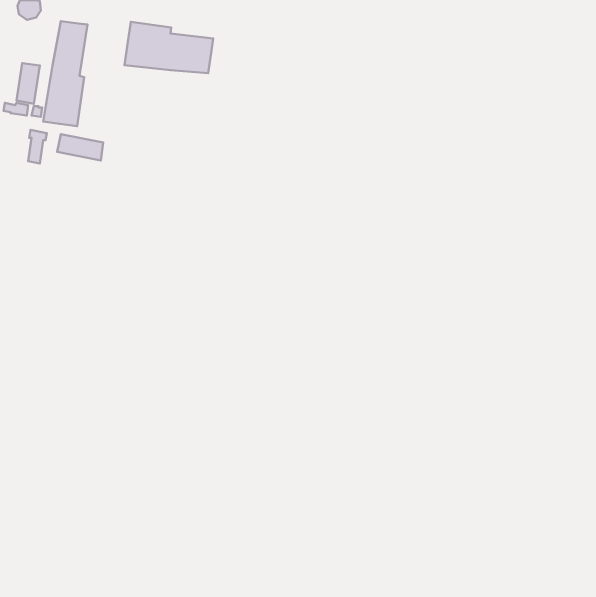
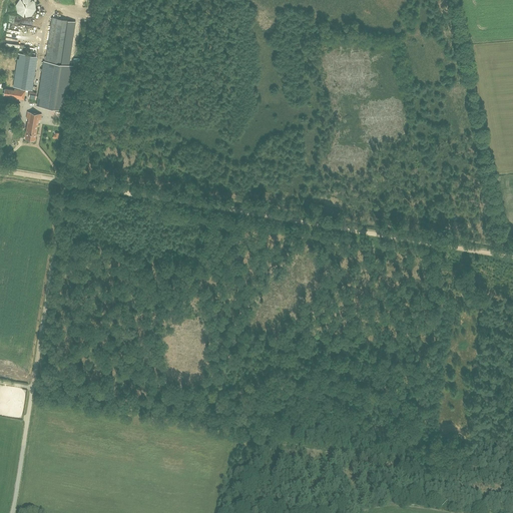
building: [124,22,213,73] -> none
building: [57,134,103,160] -> none

